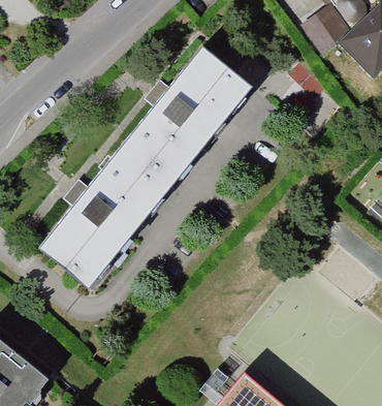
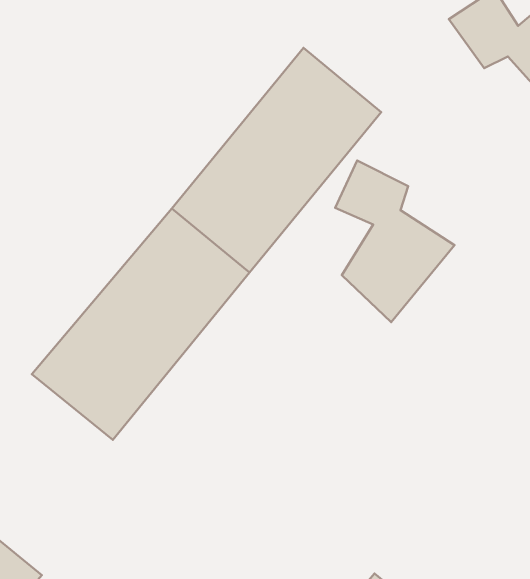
building: none -> [335,160,454,322]

